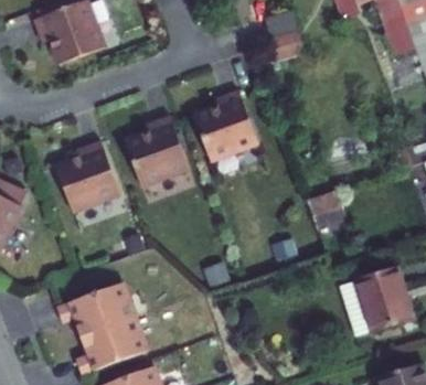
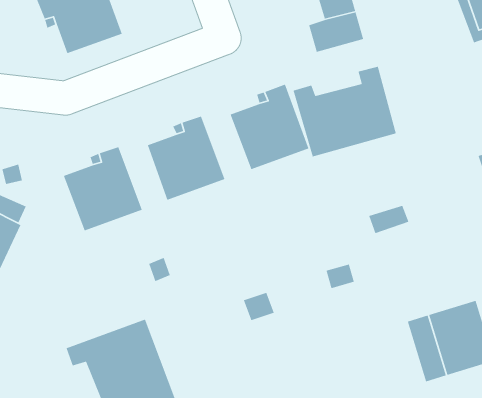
building: none -> [292,66,397,158]

